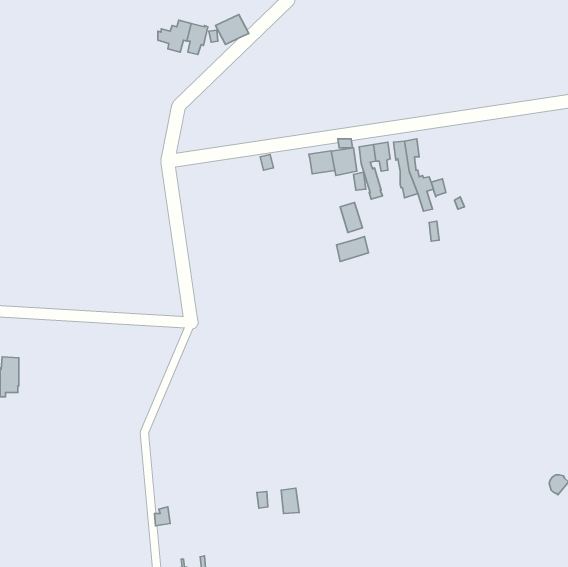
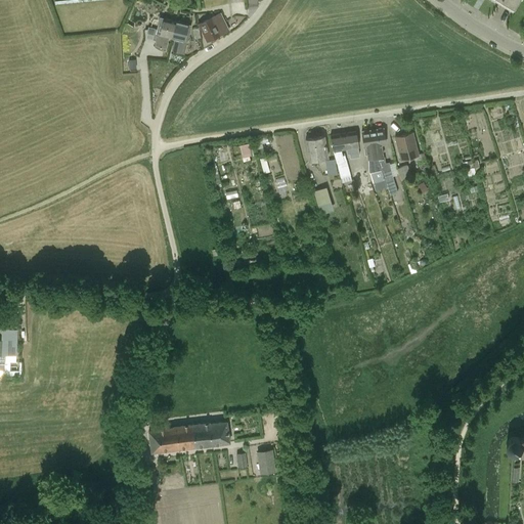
building: none -> [395,133,426,164]
building: [309,151,335,174] -> none
building: [336,236,368,261] -> none
building: none -> [149,423,230,452]

